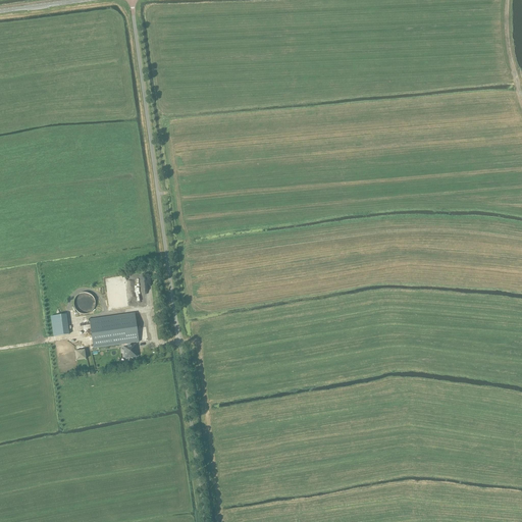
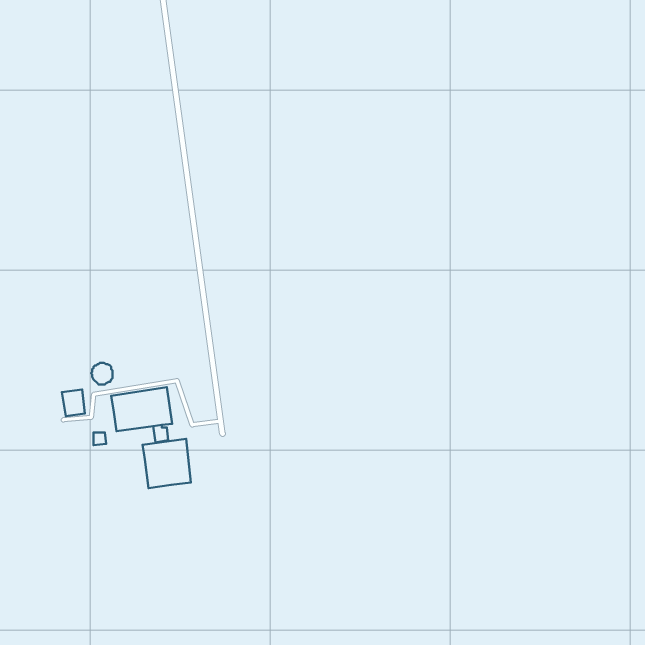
building: none -> [143,439,191,488]

